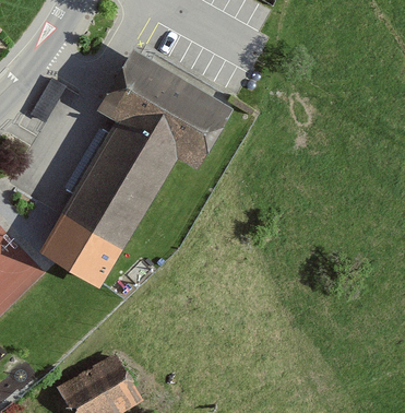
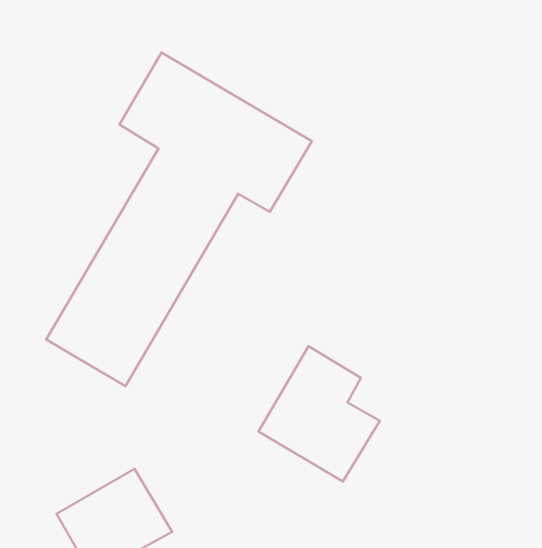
building: none -> [258,346,380,481]

